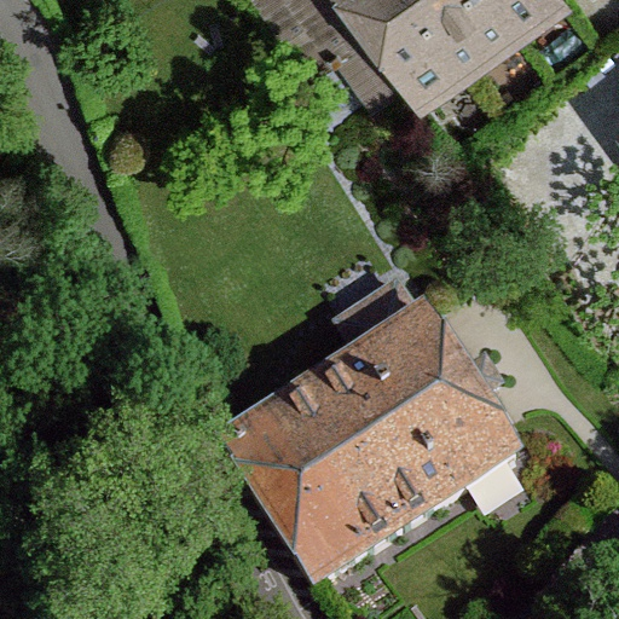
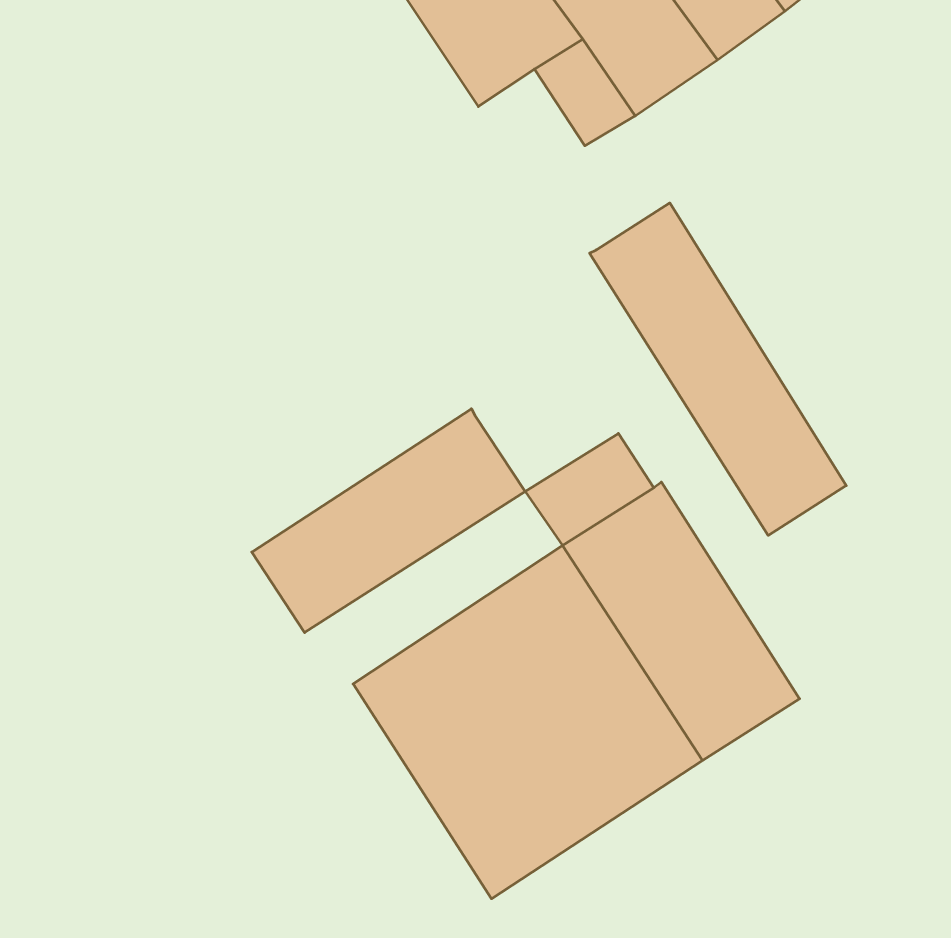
building: none -> [590,203,846,535]
building: none -> [252,409,525,633]

